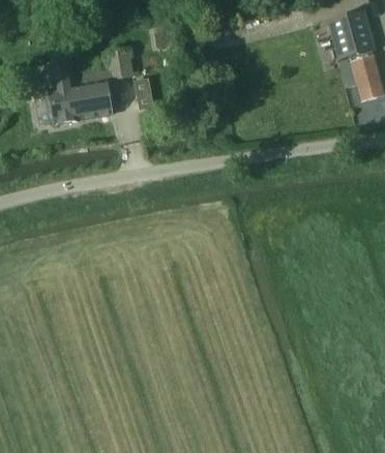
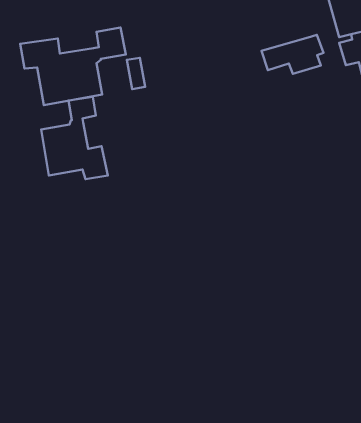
building: none -> [262,35,324,74]
building: none -> [41,97,108,179]

